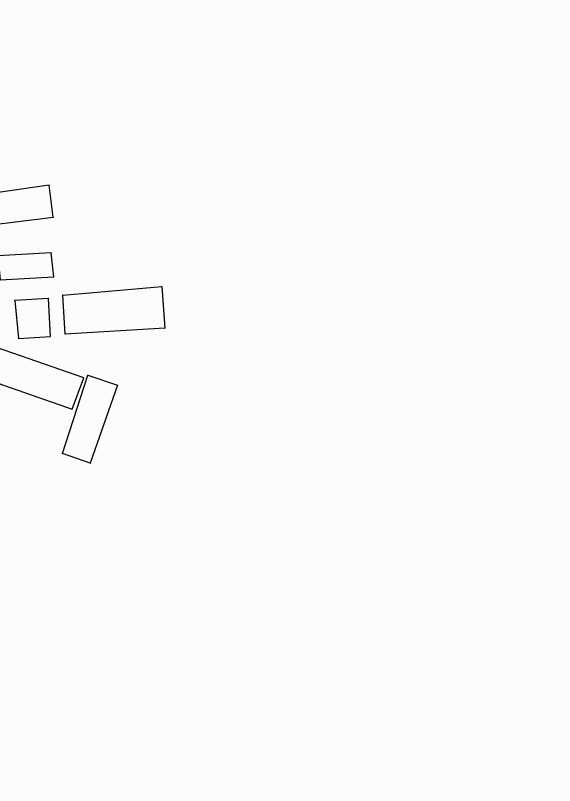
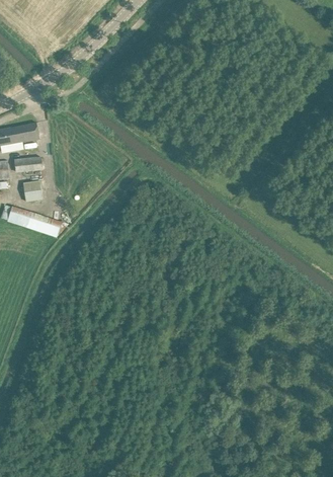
building: [63,287,165,334] -> none
building: [62,375,117,463] -> none

